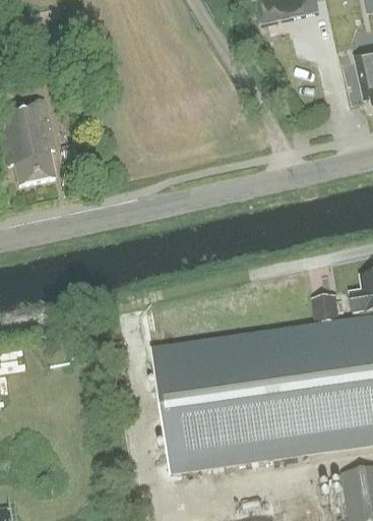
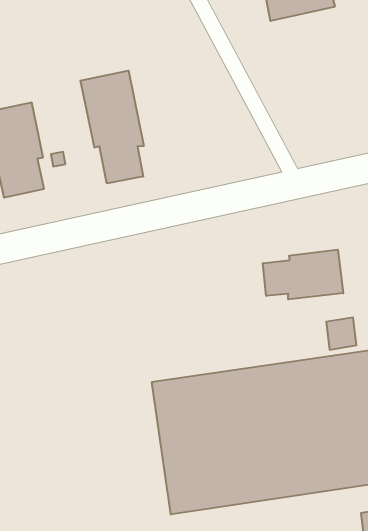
building: none -> [80,71,144,183]
building: none -> [263,250,343,299]

